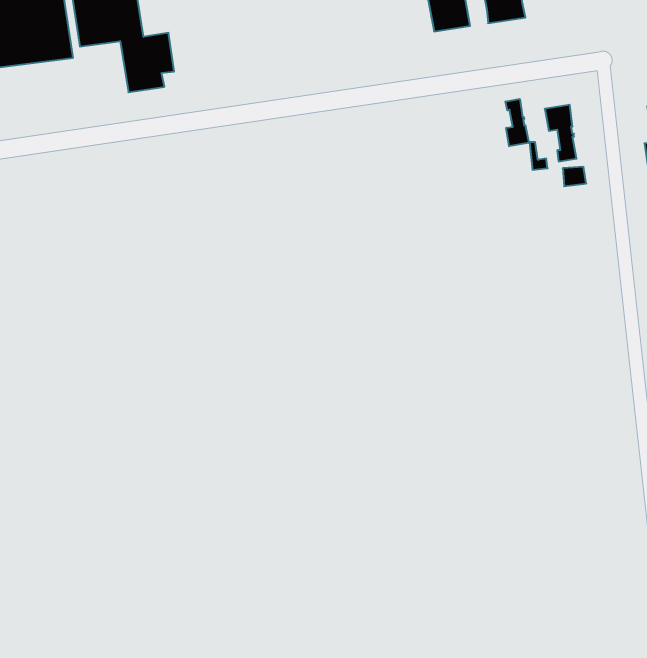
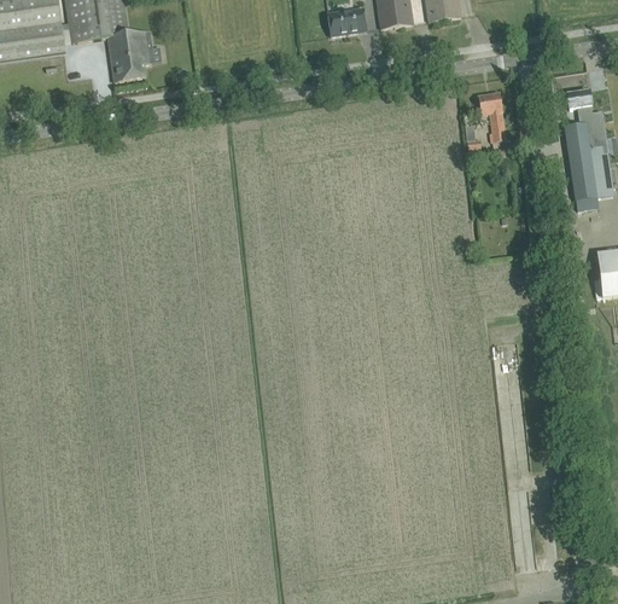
building: none -> [327,7,367,35]
building: [506,99,529,146] -> none

